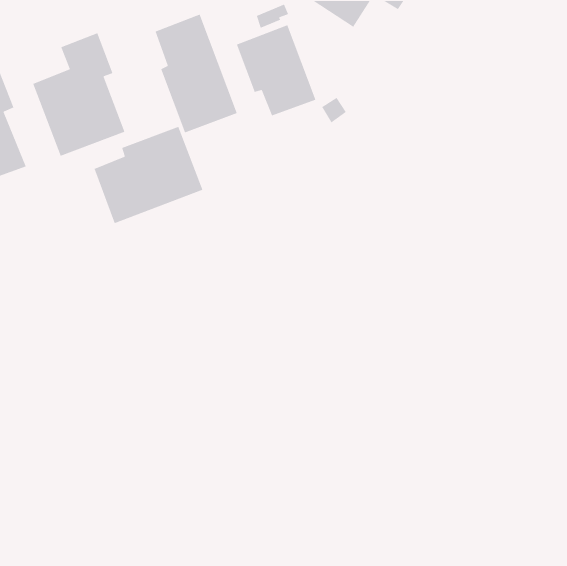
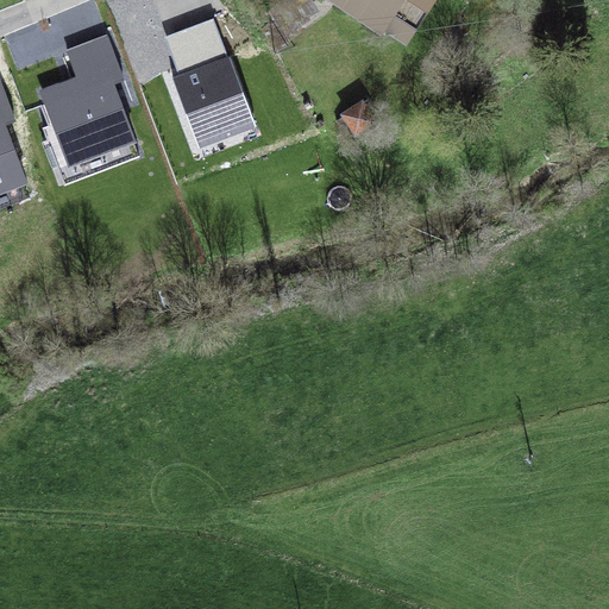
building: [236,24,317,117] -> none
building: [94,126,204,224] -> none

